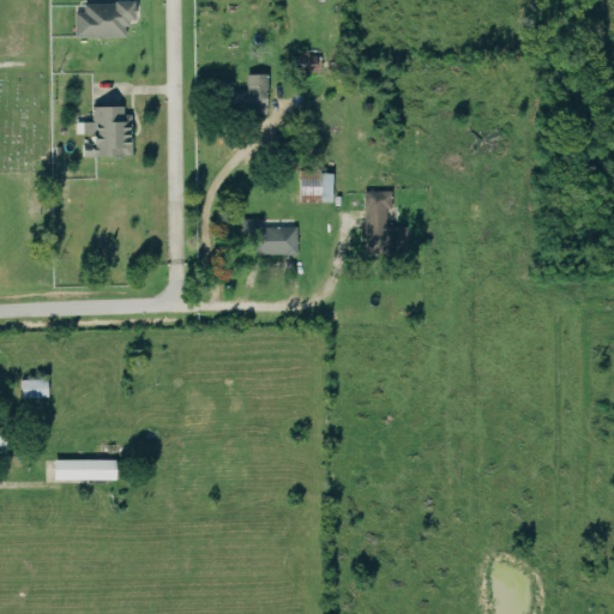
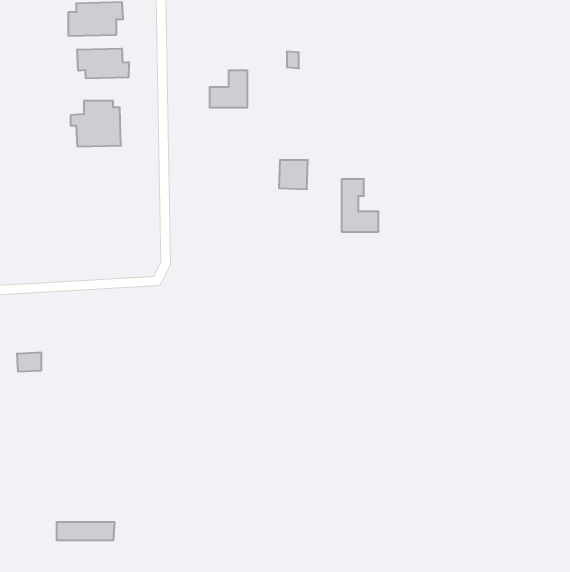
building: none -> [77,48,129,78]
building: [253,219,299,257] -> none
building: [55,458,118,477] -> [56,522,115,540]

